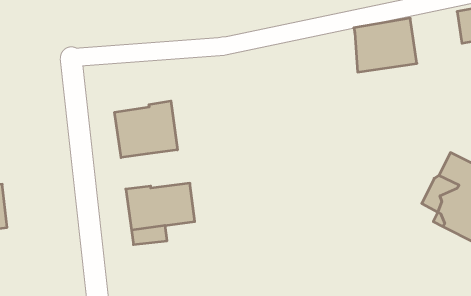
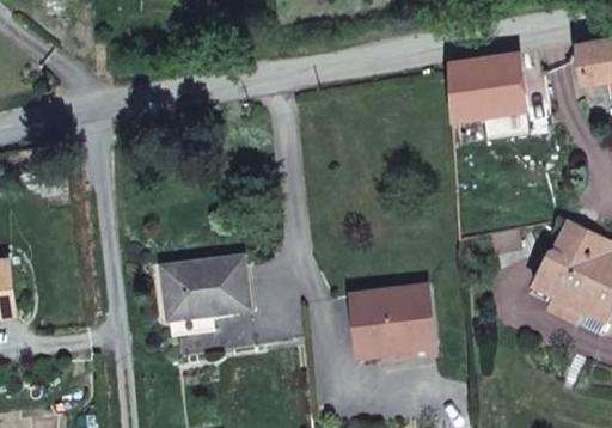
building: [115,101,177,158] -> none
building: none -> [350,285,434,355]

